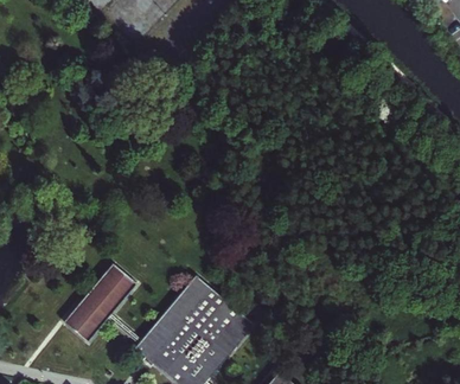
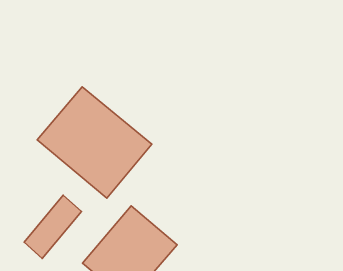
building: none -> [37,87,152,198]

